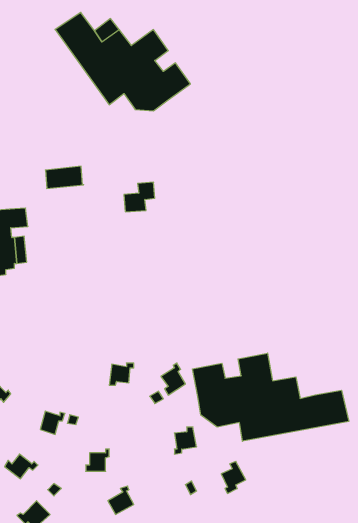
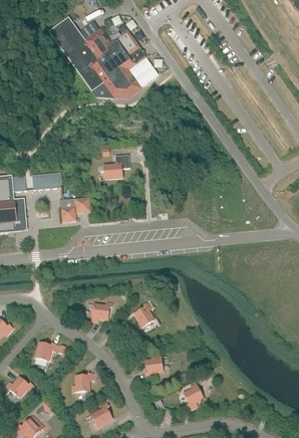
building: [45,166,84,188] -> [32,172,63,190]
building: none -> [61,198,90,221]
building: [193,353,349,441] -> none

